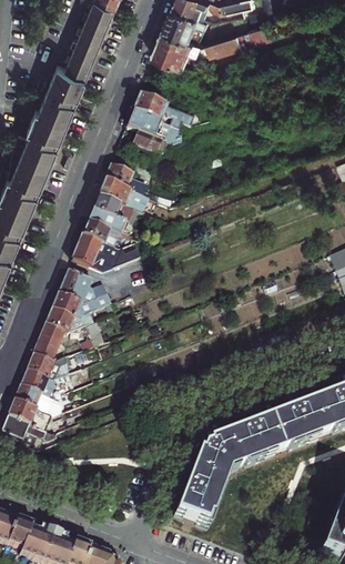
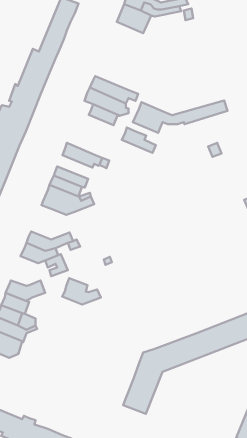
building: [155,26,275,67] -> [133,100,228,133]
building: [103,165,146,198] -> [122,127,156,153]
building: [91,197,133,226] -> none
building: [58,270,106,303] -> [62,278,101,305]
building: [32,324,67,362] -> none

